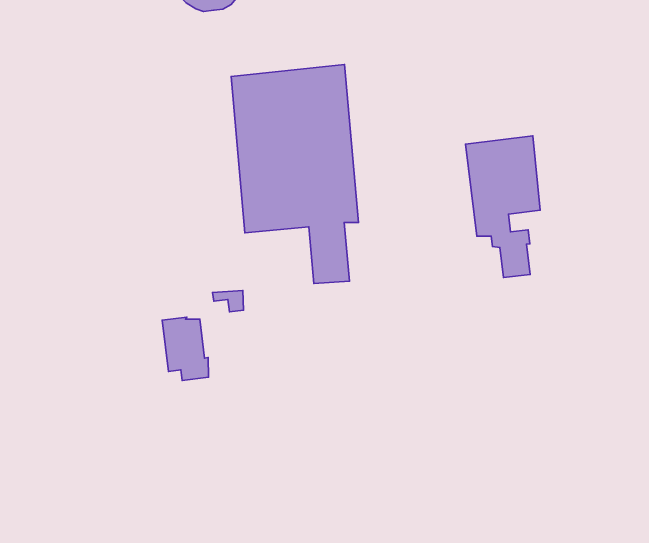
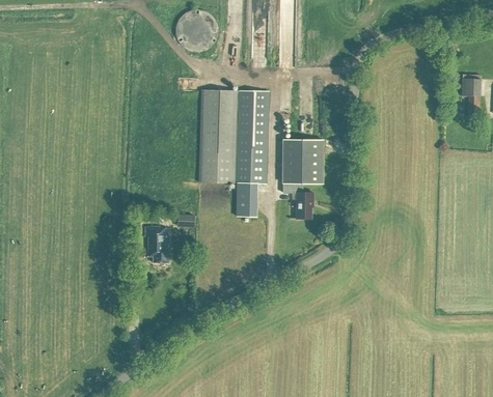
building: [466,136,540,278] -> [283,138,323,218]

